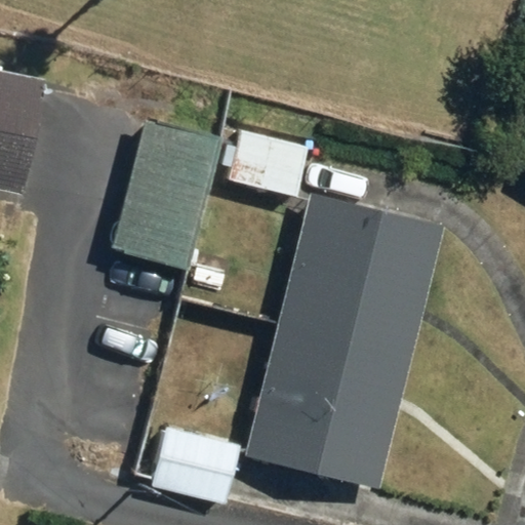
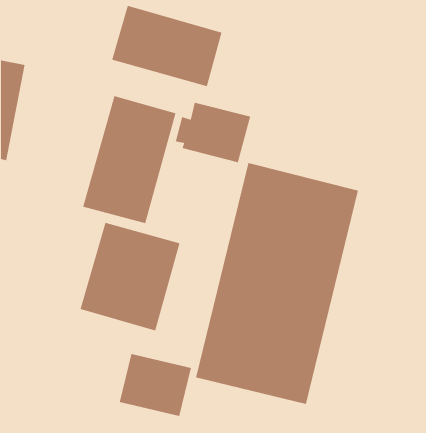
building: none -> [111,5,223,87]
building: none -> [80,222,181,331]

